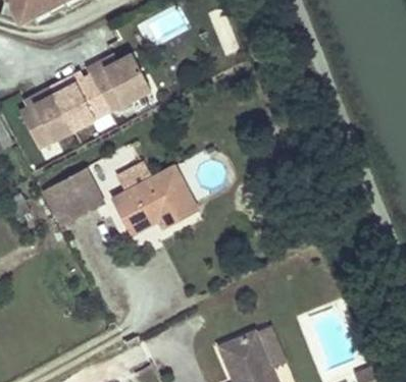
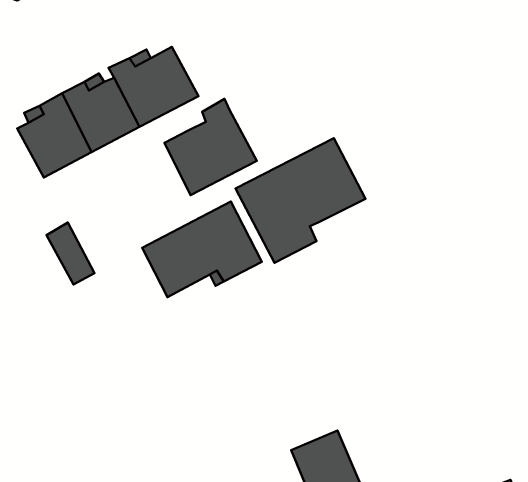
building: none -> [165,99,257,195]
building: none -> [236,138,365,263]
building: [57,166,103,217] -> none

